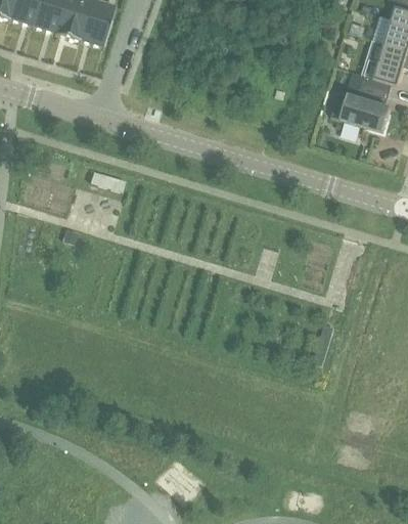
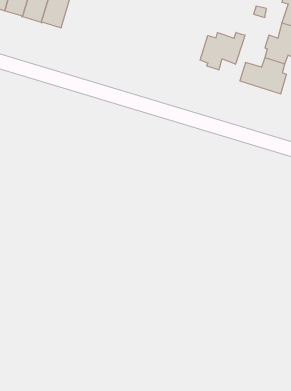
building: none -> [200,32,245,70]

